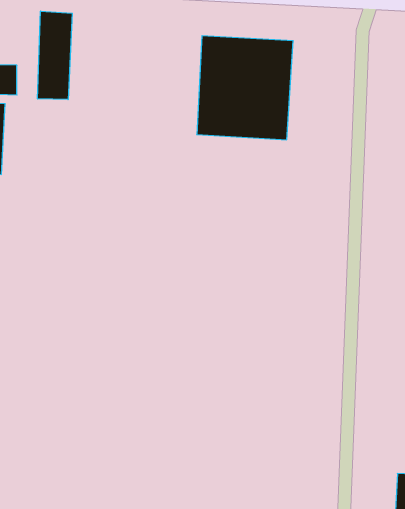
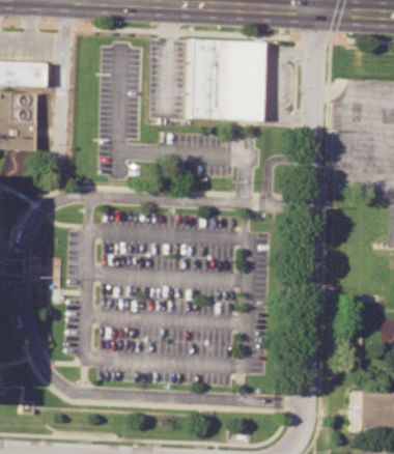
building: [38,11,72,100] -> none

